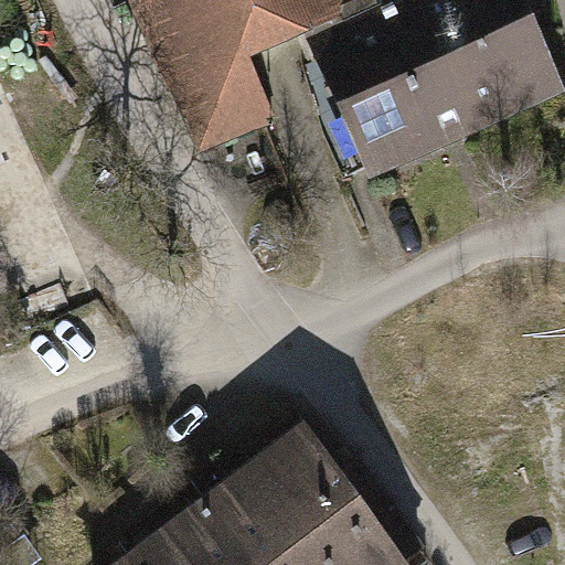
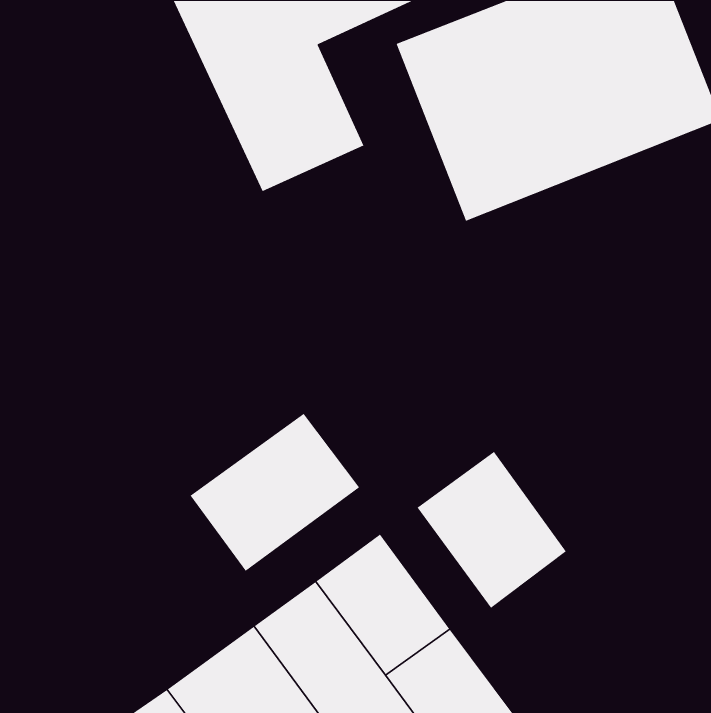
building: none -> [190,413,360,572]
building: none -> [416,451,567,609]

